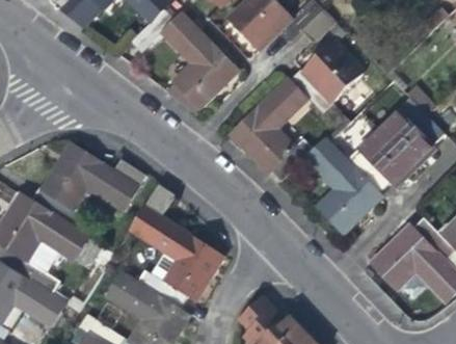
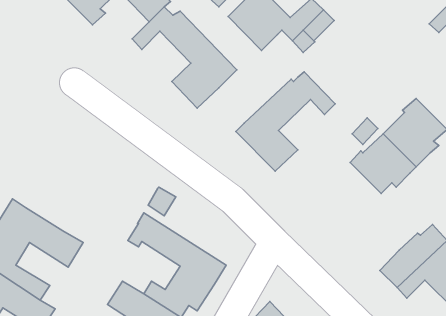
building: [299,41,361,102] -> none
building: [271,138,378,231] -> none
building: [28,144,134,226] -> none

